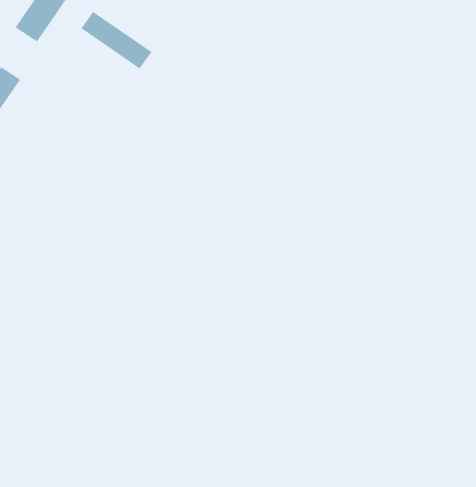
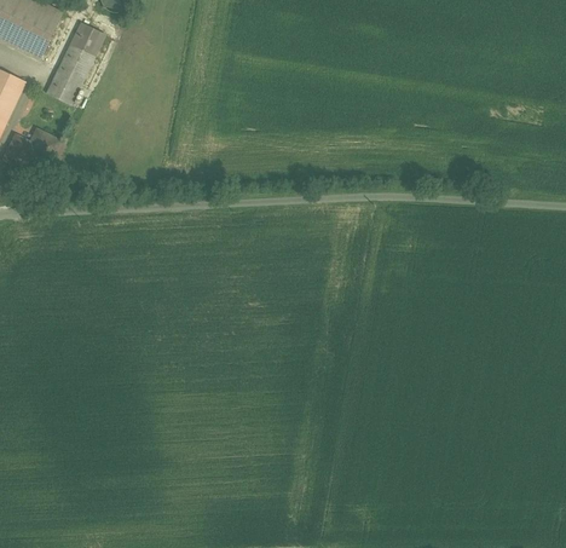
building: [80,11,153,70] -> none

